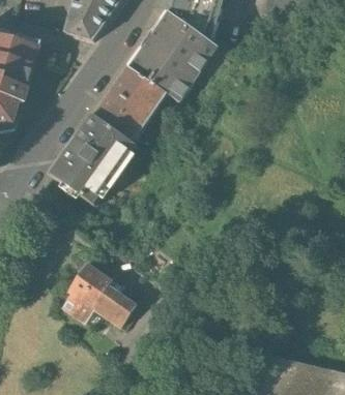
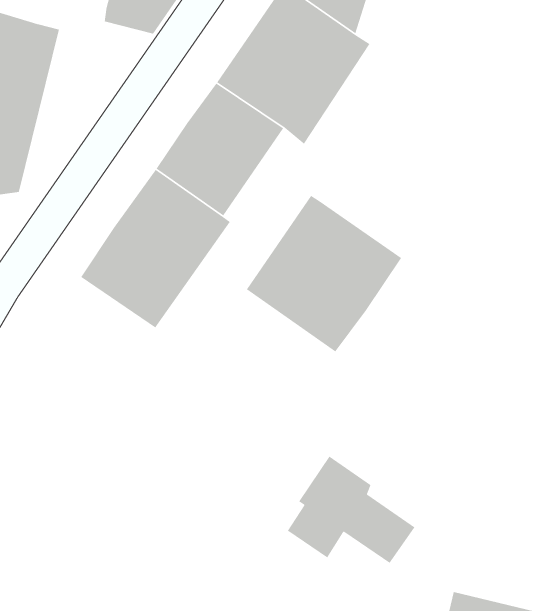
building: none -> [246,195,402,353]
building: [64,270,137,331] -> [287,455,416,564]

